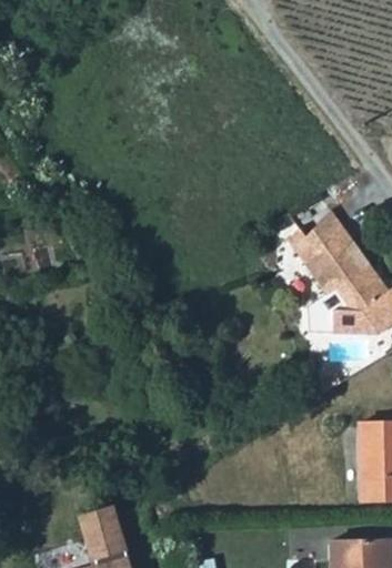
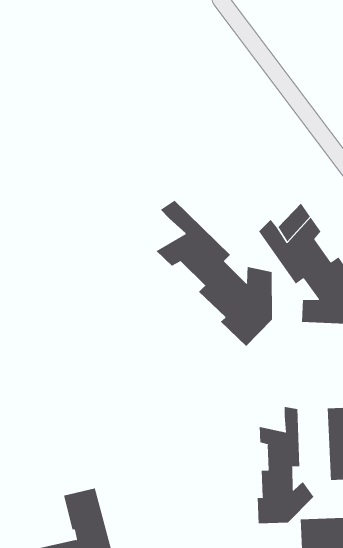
building: none -> [156,200,273,347]
building: none -> [257,406,314,524]

